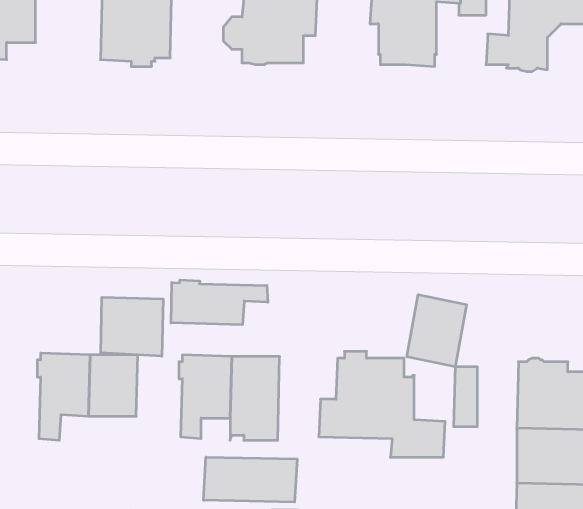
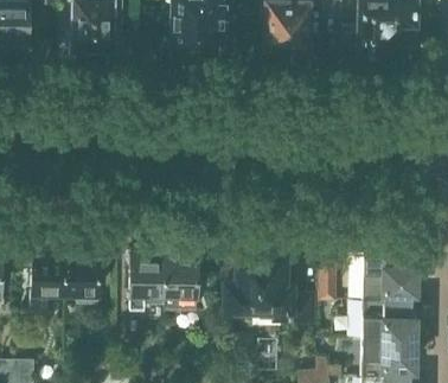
building: [171,280,268,325] -> none
building: [407,295,467,367] -> none
building: [101,297,163,356] -> none
building: [204,457,297,502] -> none

